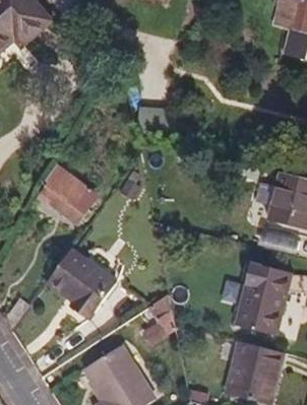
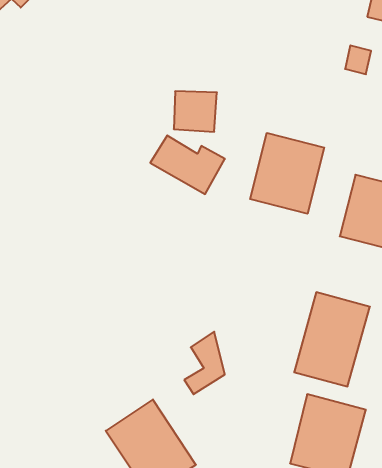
building: none -> [250,133,324,214]
building: [39,173,97,218] -> [150,135,225,194]
building: [48,249,116,320] -> none

